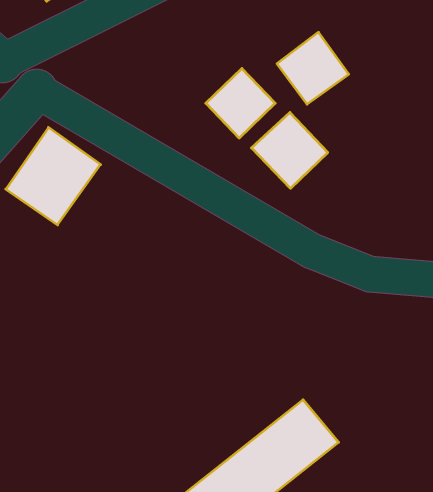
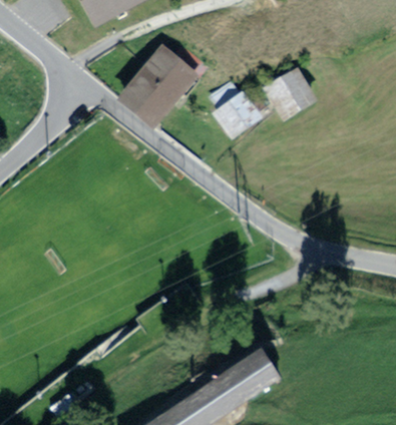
building: [251,112,328,188] -> none
building: [6,127,101,225] -> [126,40,201,115]

